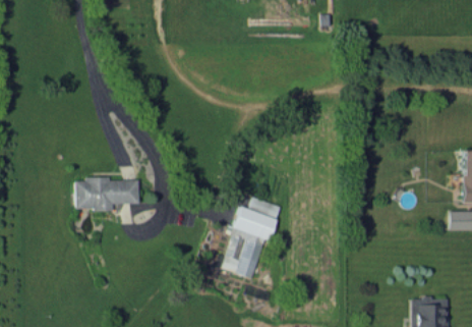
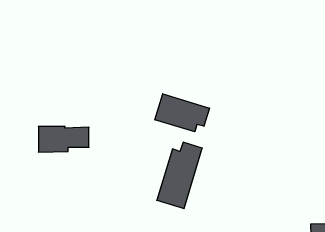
building: none -> [155,94,209,132]

